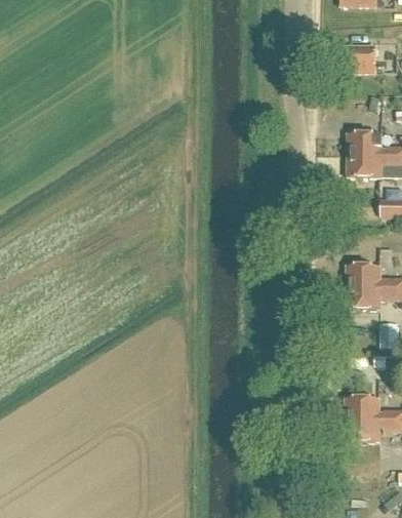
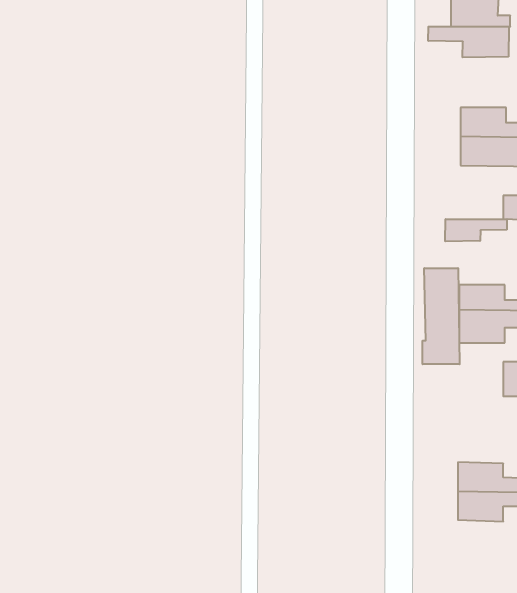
building: none -> [428,27,509,57]
building: none -> [445,219,507,241]
building: none -> [423,268,460,364]

